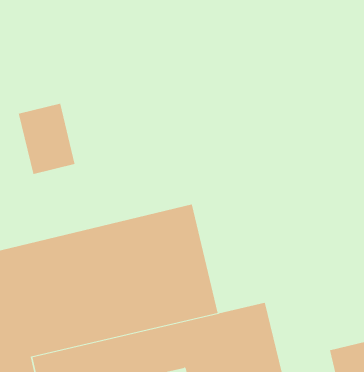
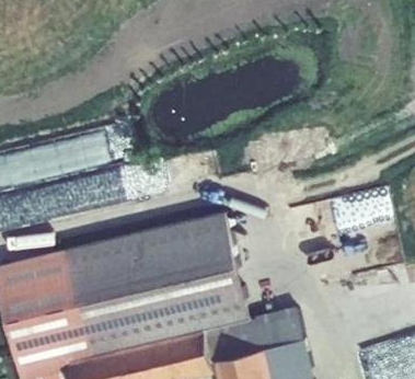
building: [18,103,75,175] -> none

